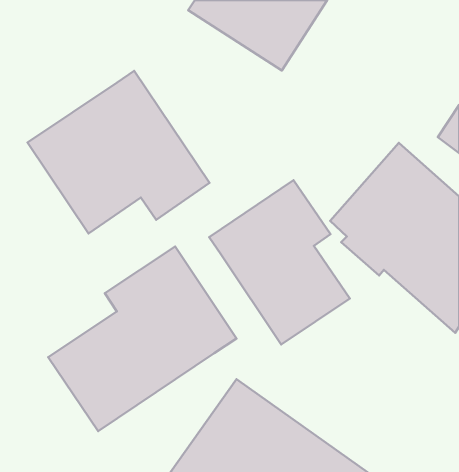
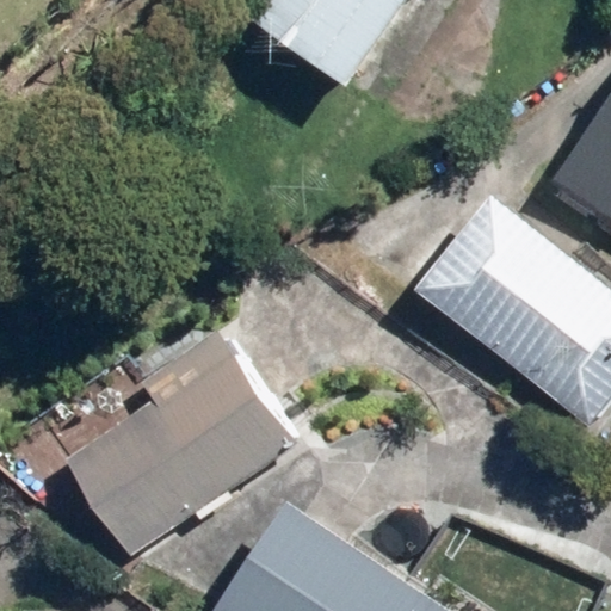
building: [28,71,210,233] -> none
building: [209,180,350,344] -> none

